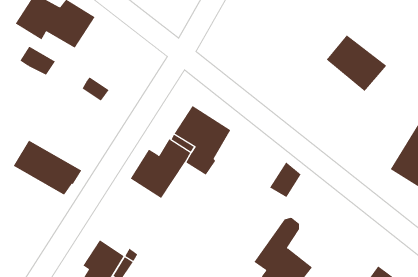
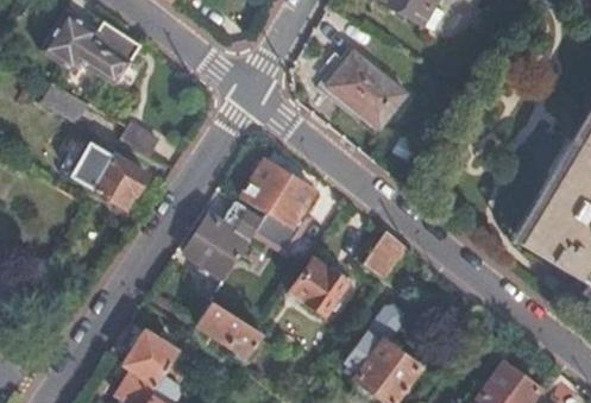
building: [326,34,387,92] -> [323,49,402,122]
building: [13,140,82,196] -> [58,136,147,207]
building: none -> [287,258,348,314]
building: none -> [197,300,262,355]

